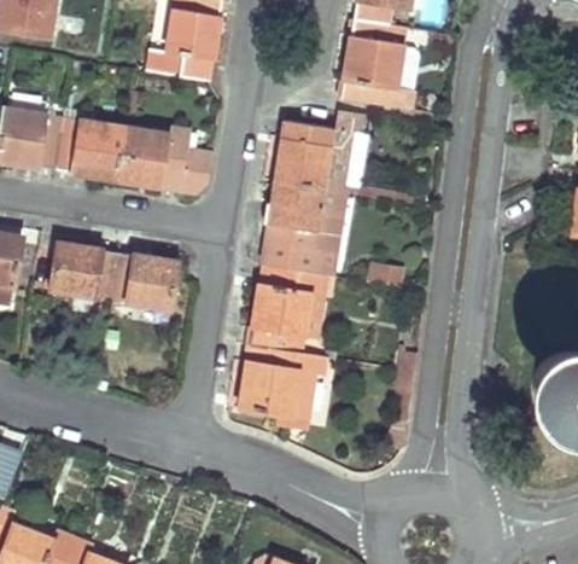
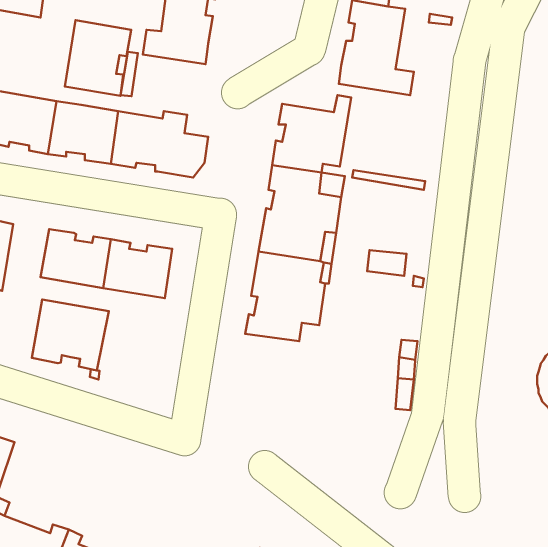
building: none -> [65,20,131,96]
building: none -> [32,299,109,370]
building: [238,345,317,419] -> none

